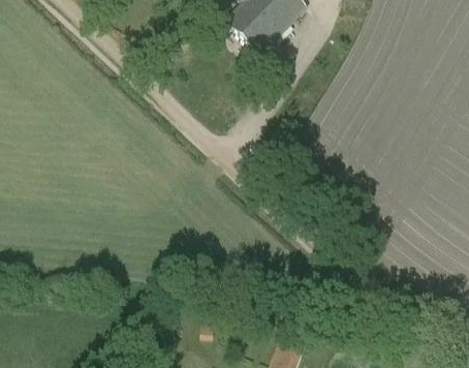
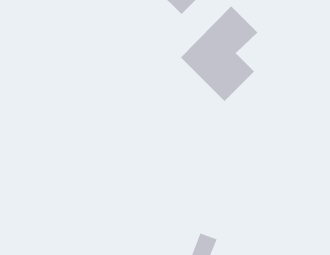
building: none -> [180,6,258,102]

